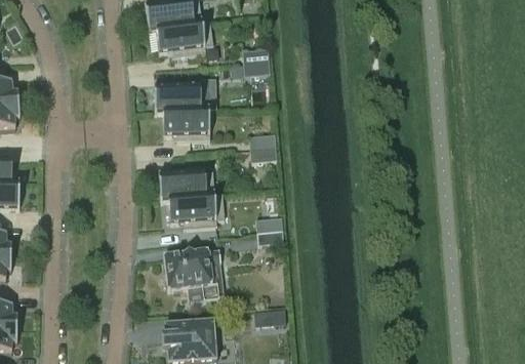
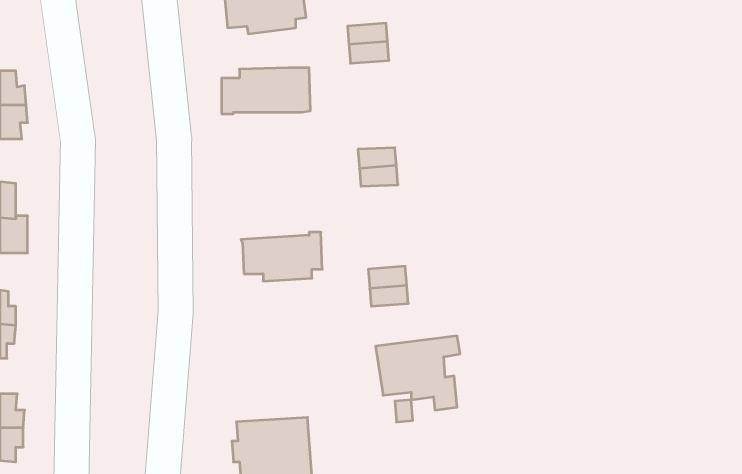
building: [162,110,209,140] -> none
building: [158,165,214,200] -> none
building: [162,249,220,300] -> [376,336,460,410]

